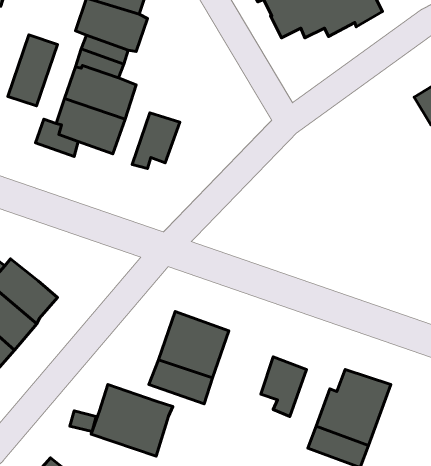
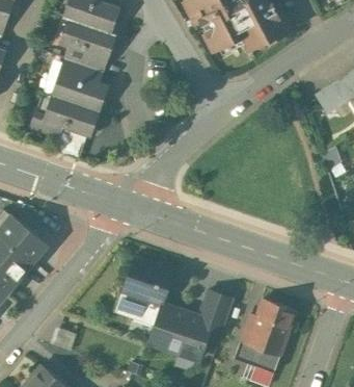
building: [8,35,57,106] -> none
building: [132,113,180,169] -> none
building: [91,384,173,456] -> [149,306,211,360]

